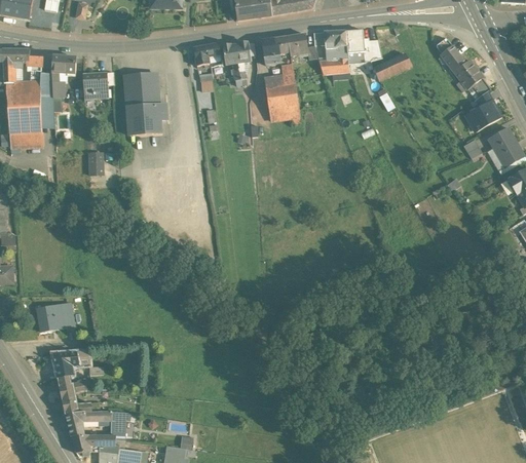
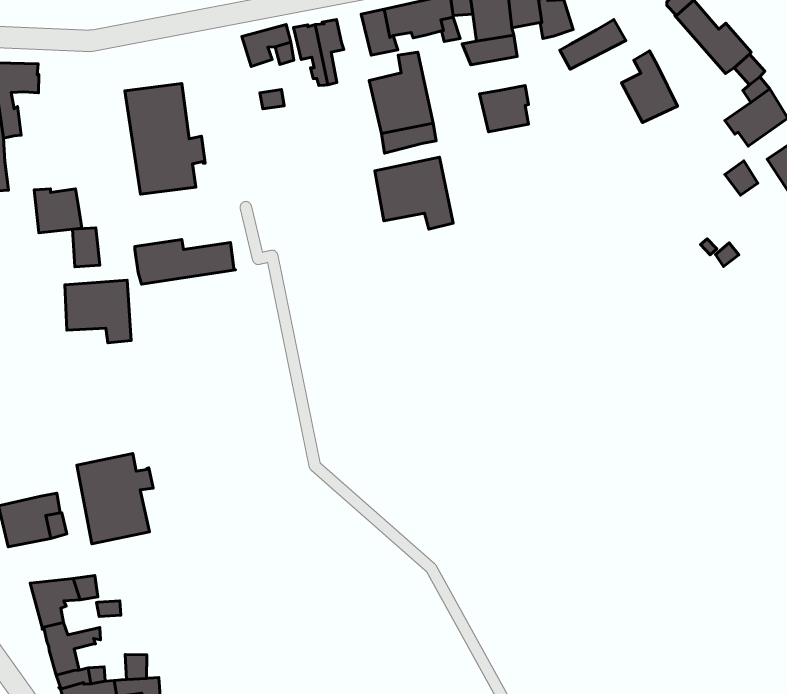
building: none -> [621,51,677,123]
building: [83,74,109,99] -> [34,189,82,233]
building: none -> [480,86,528,132]
building: none -> [375,157,453,229]
building: none -> [135,239,235,284]
building: none -> [65,280,131,343]
building: none -> [77,454,153,544]

